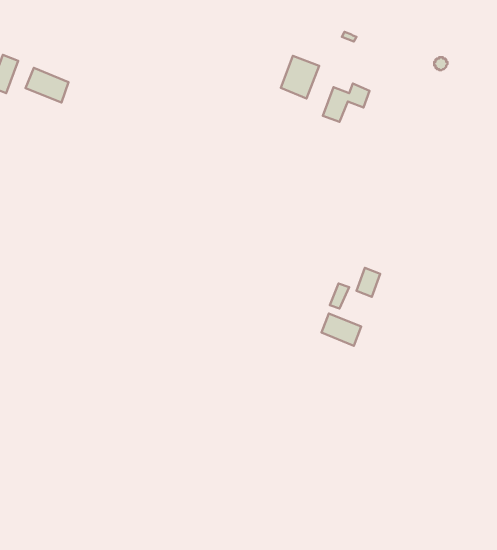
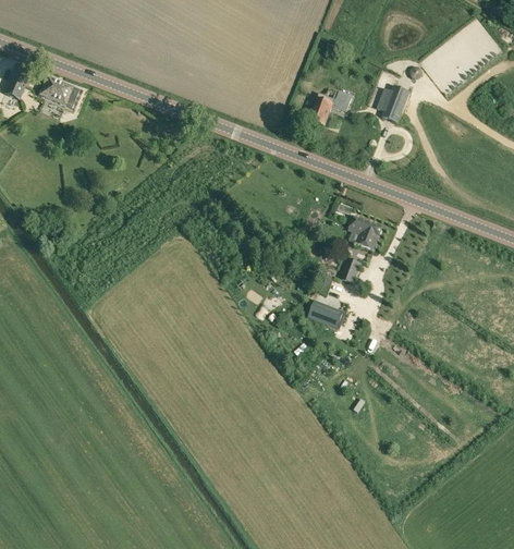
building: [281,56,319,99] -> none
building: none -> [380,85,409,123]
building: none -> [347,217,382,249]

